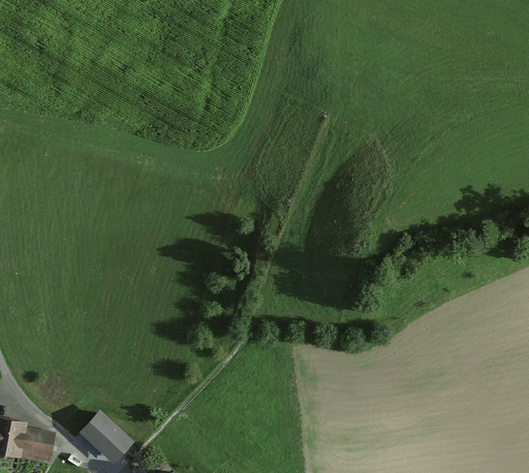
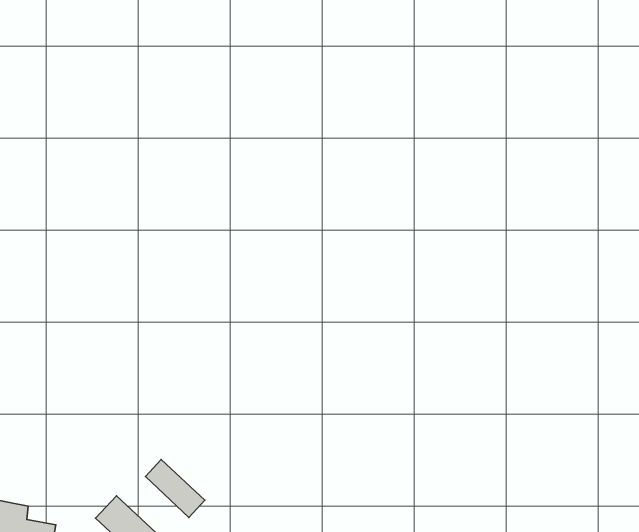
building: none -> [145,459,205,517]

